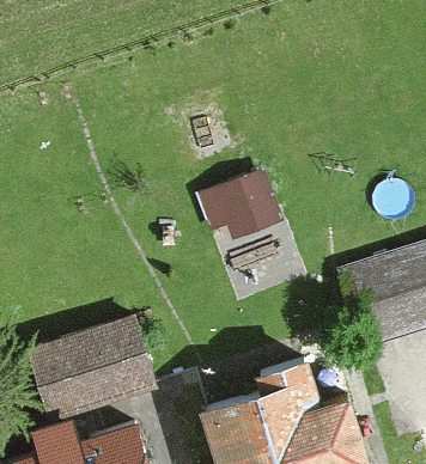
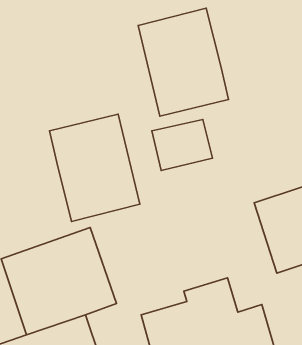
building: none -> [138,8,228,116]
building: none -> [50,114,140,221]

